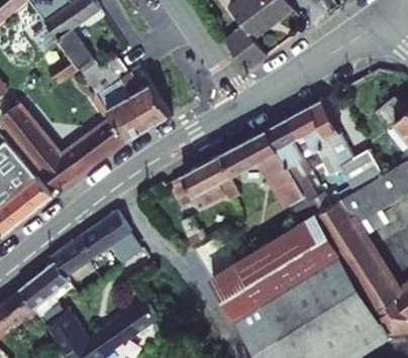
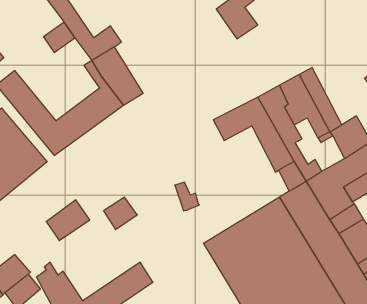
building: [120,73,171,126] -> none
building: [171,153,239,209] -> none
building: [81,211,130,255] -> none
building: [18,261,67,314] -> none

